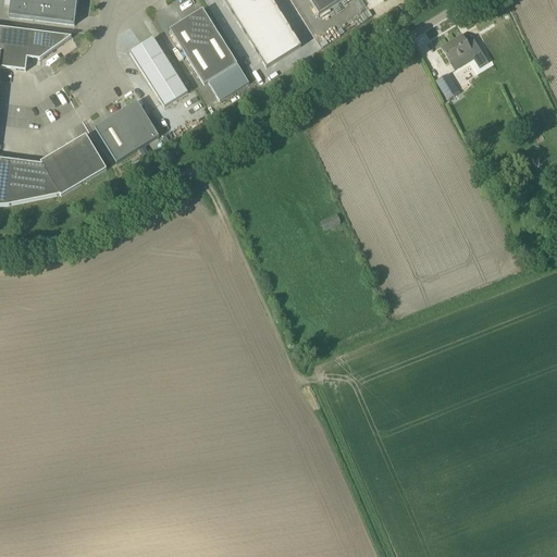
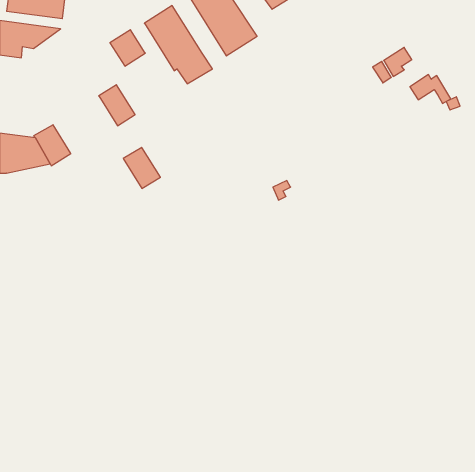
building: [440,32,487,65] -> [410,75,451,103]
building: [146,62,187,104] -> none
building: [94,112,137,160] -> [123,147,160,188]
building: [62,132,106,180] -> none

